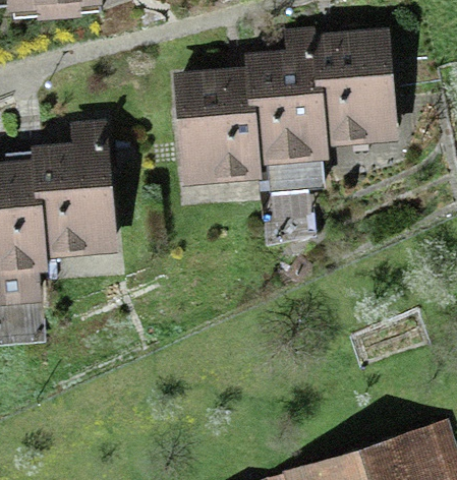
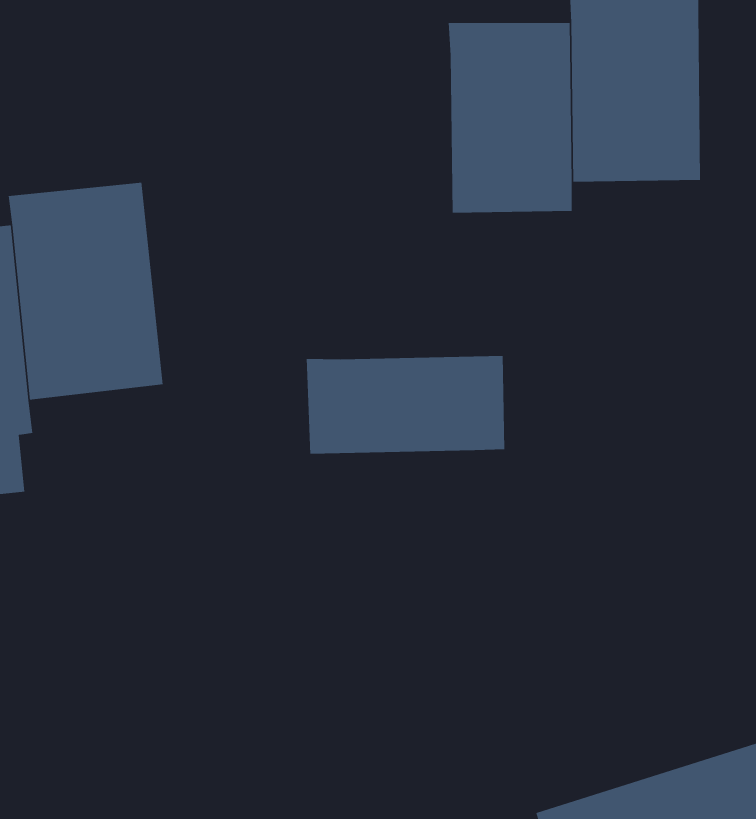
building: [186,75,261,186] -> none
building: none -> [306,355,505,454]

